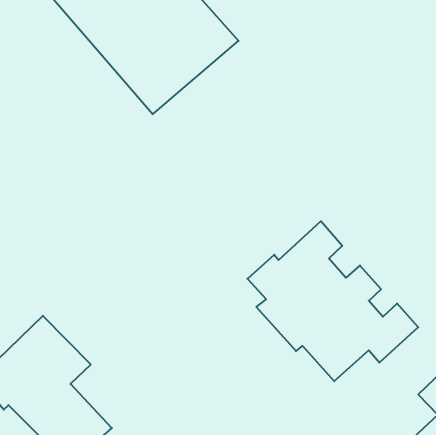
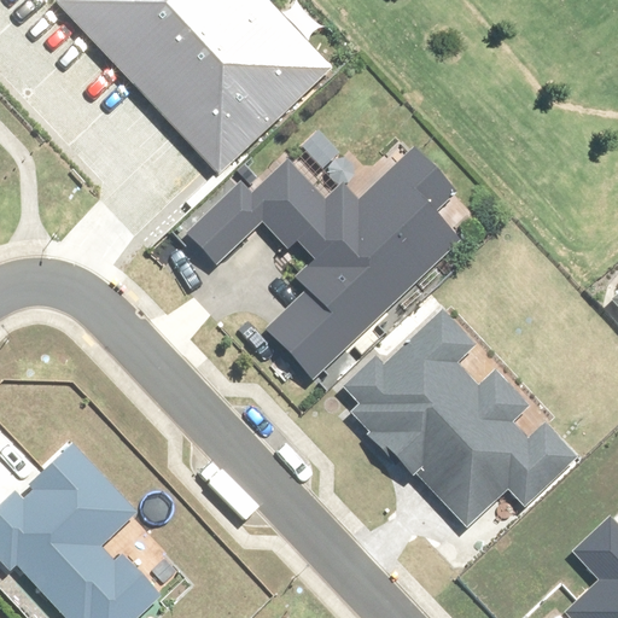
building: none -> [190,150,457,378]

